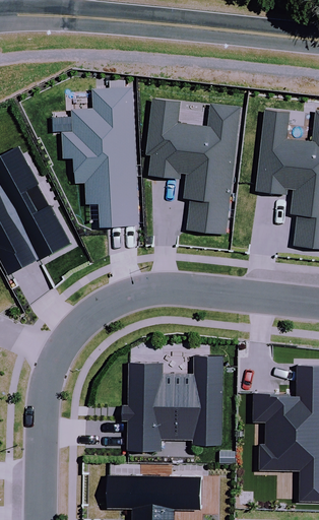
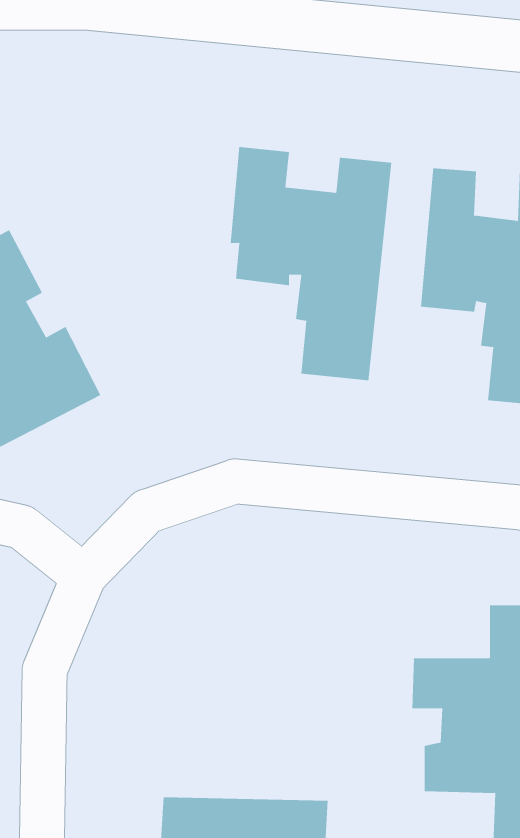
building: [62,87,139,225] -> none
building: [120,354,227,453] -> none

